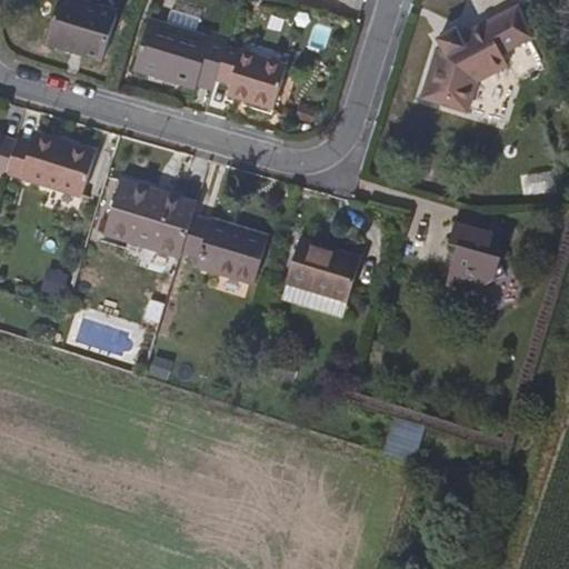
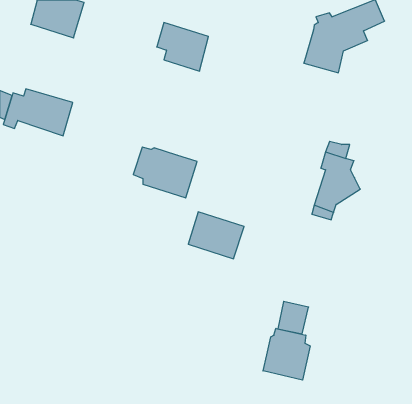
building: [133,19,227,88] -> none
building: [106,179,199,270] -> none
building: [286,240,362,305] -> [188,212,244,259]
building: none -> [263,328,310,380]

